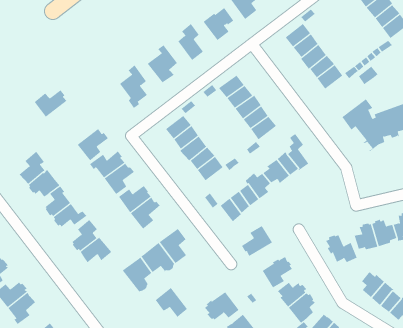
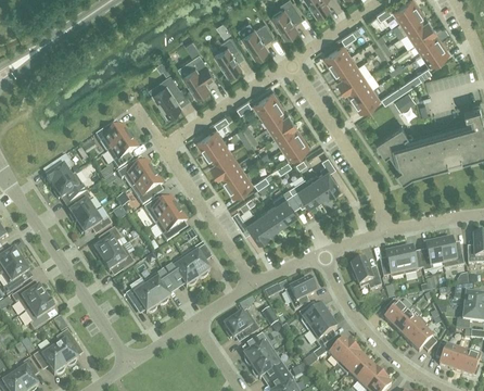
building: [34,89,67,117] -> [95,125,129,152]
building: [241,225,273,257] -> none
building: [155,287,188,318] -> [126,282,158,314]

